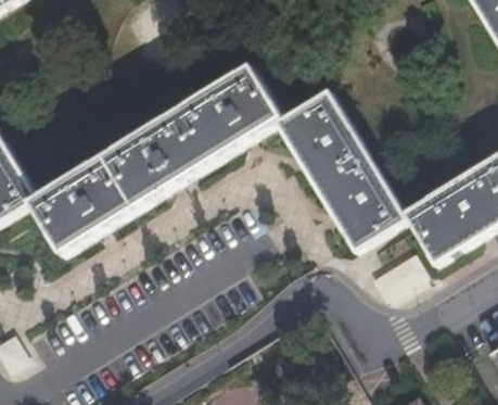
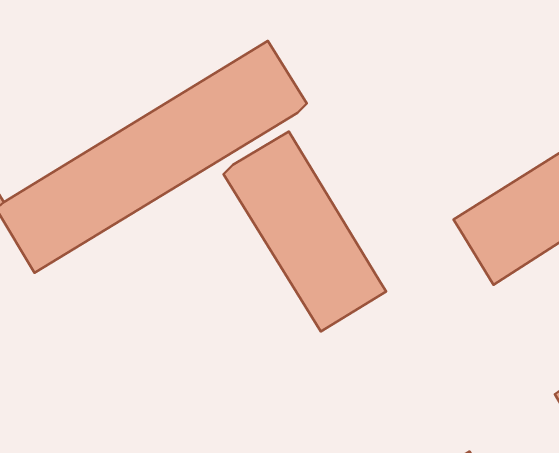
building: [278,91,410,254] -> [223,132,386,332]

